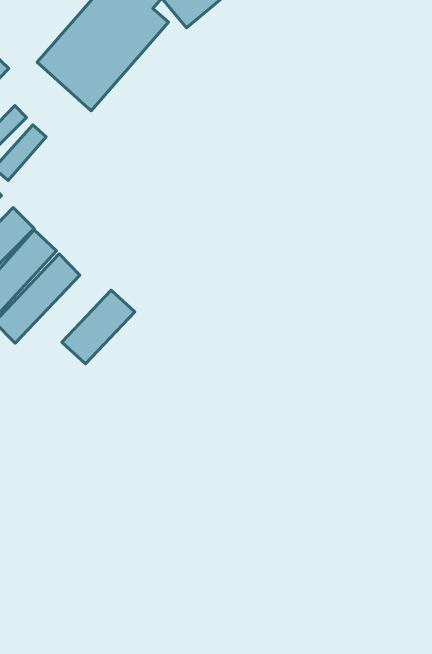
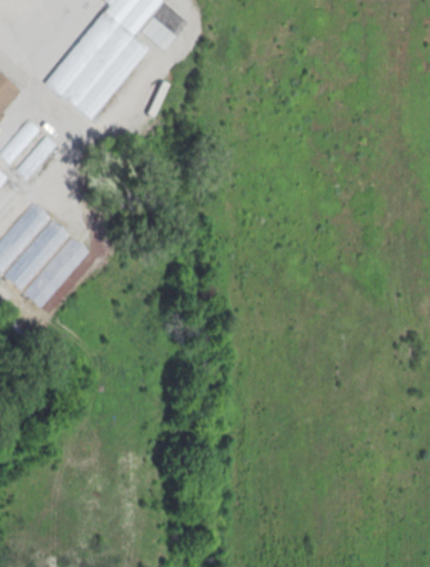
building: [62,290,135,364] -> none

